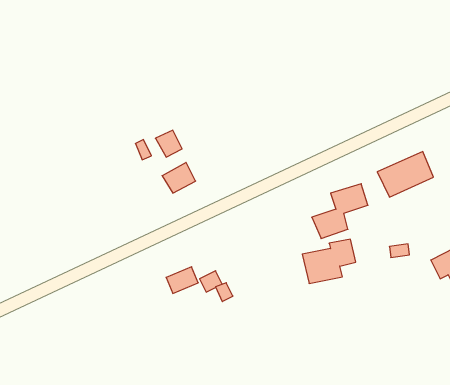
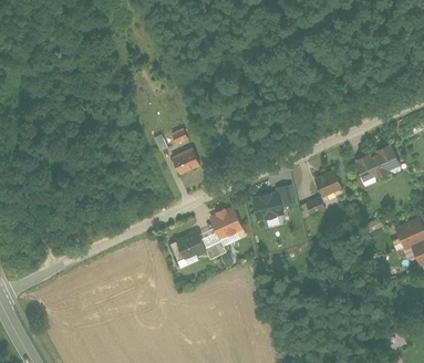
building: none -> [211,211,242,240]
building: [302,239,356,283] -> [250,184,294,220]

